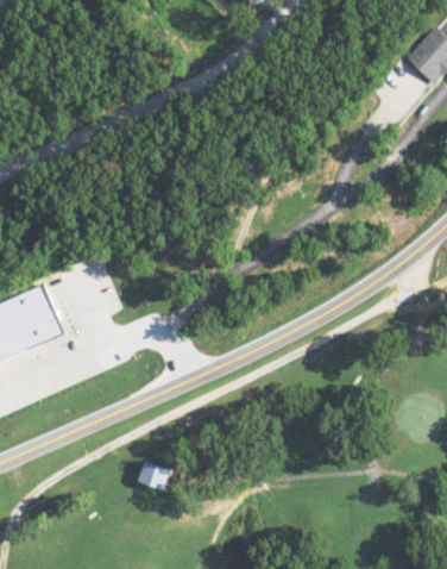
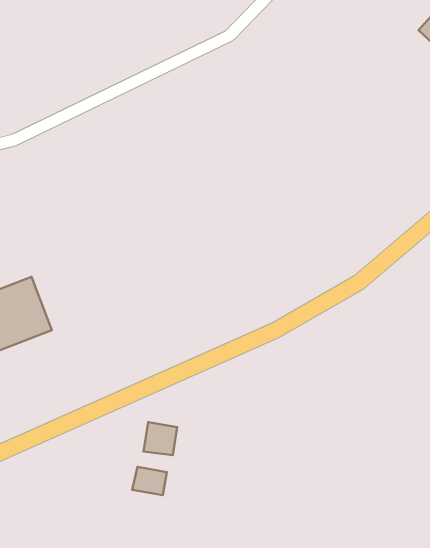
building: none -> [143,422,177,455]

